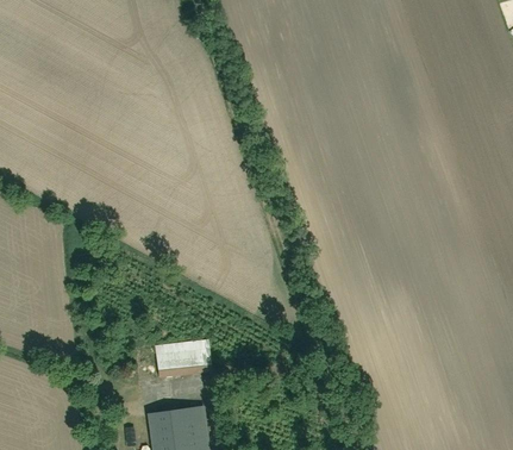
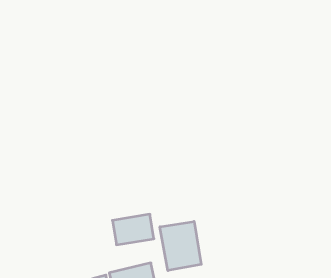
building: none -> [160,221,201,271]

